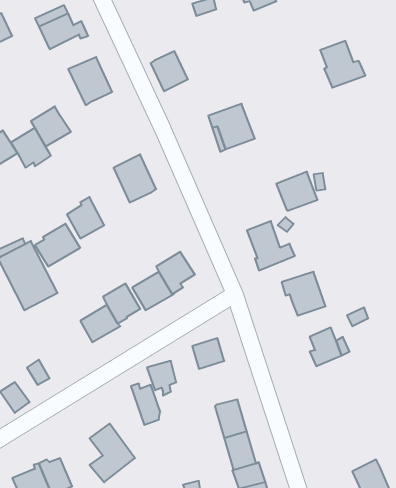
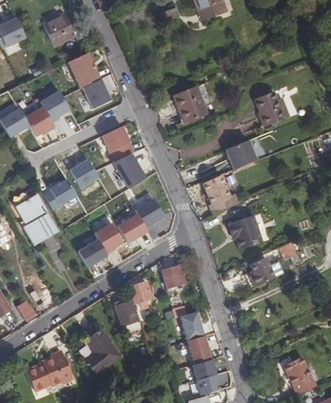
building: [320,41,365,88] -> [255,90,290,125]
building: [151,51,188,91] -> [83,79,111,109]
building: none -> [113,154,143,190]

